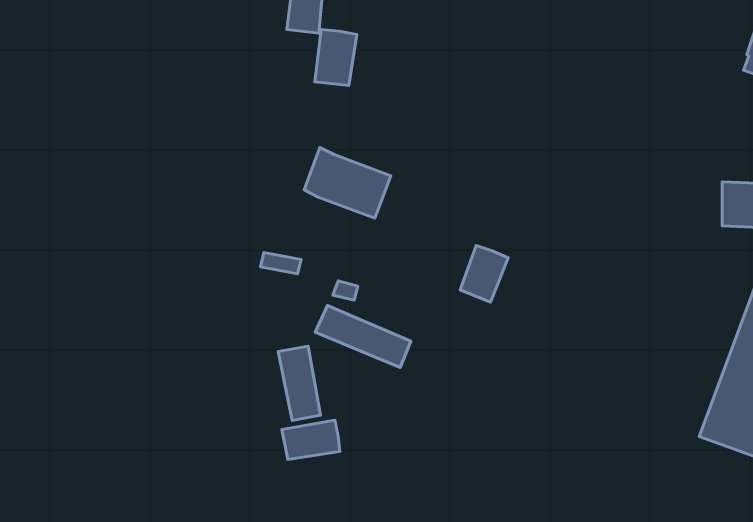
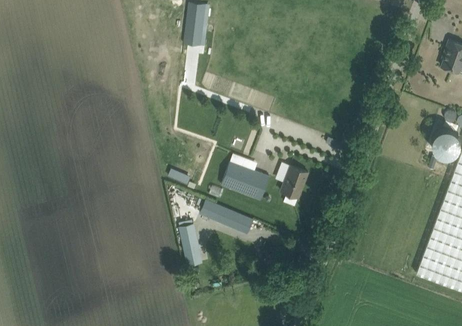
building: [315,30,357,86] -> none
building: [304,148,391,218] -> [222,161,271,201]
building: [282,420,340,459] -> none

